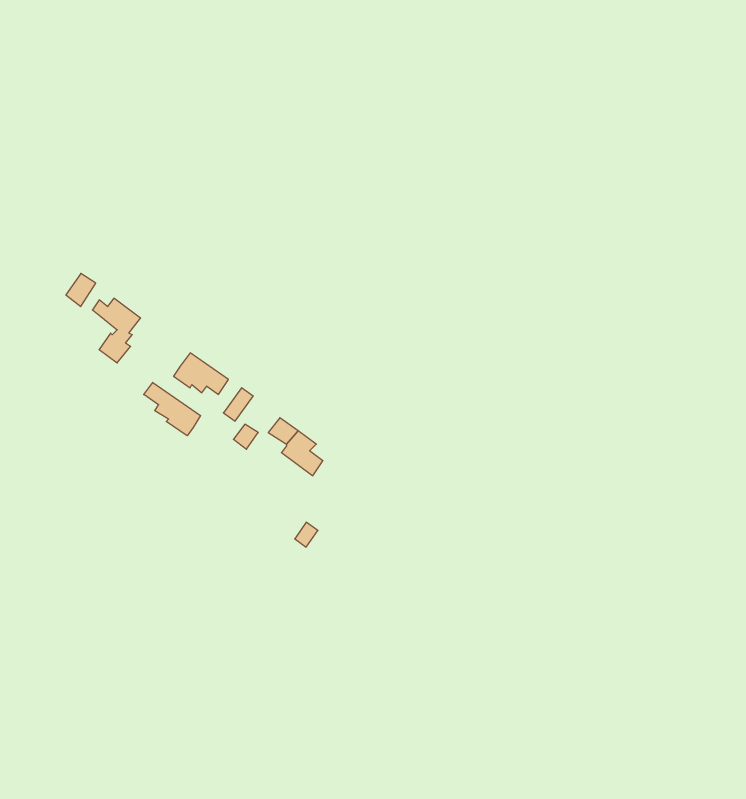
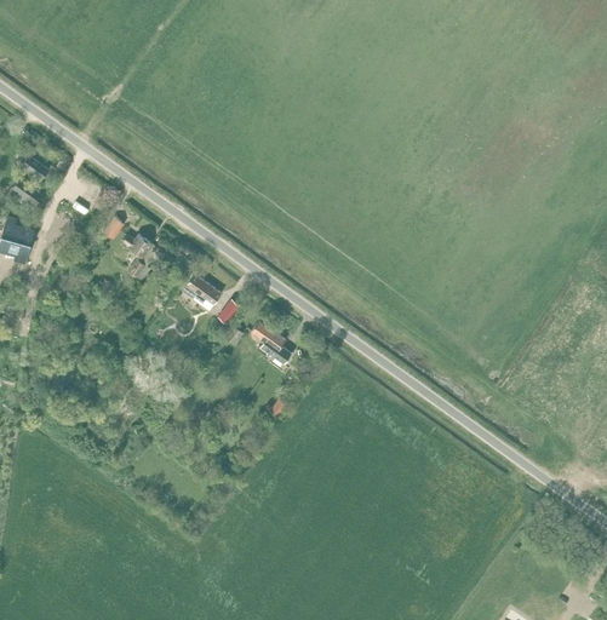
building: [144,382,201,436] -> none

